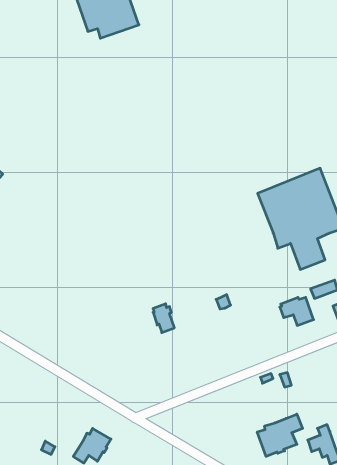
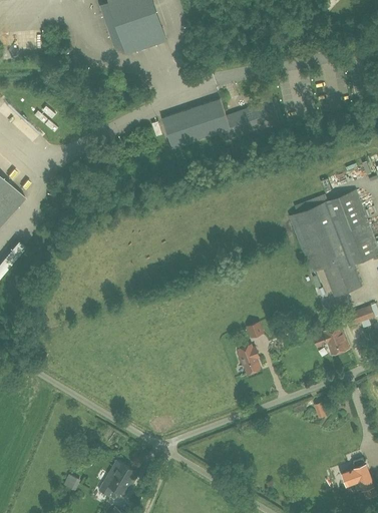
building: none -> [161,99,279,148]
building: [153,304,174,333] -> [238,344,260,374]
building: [257,414,303,456] -> none

